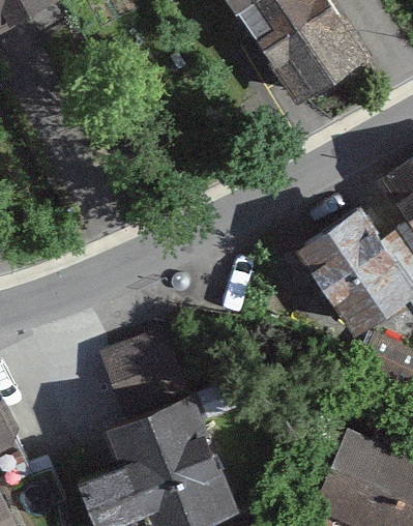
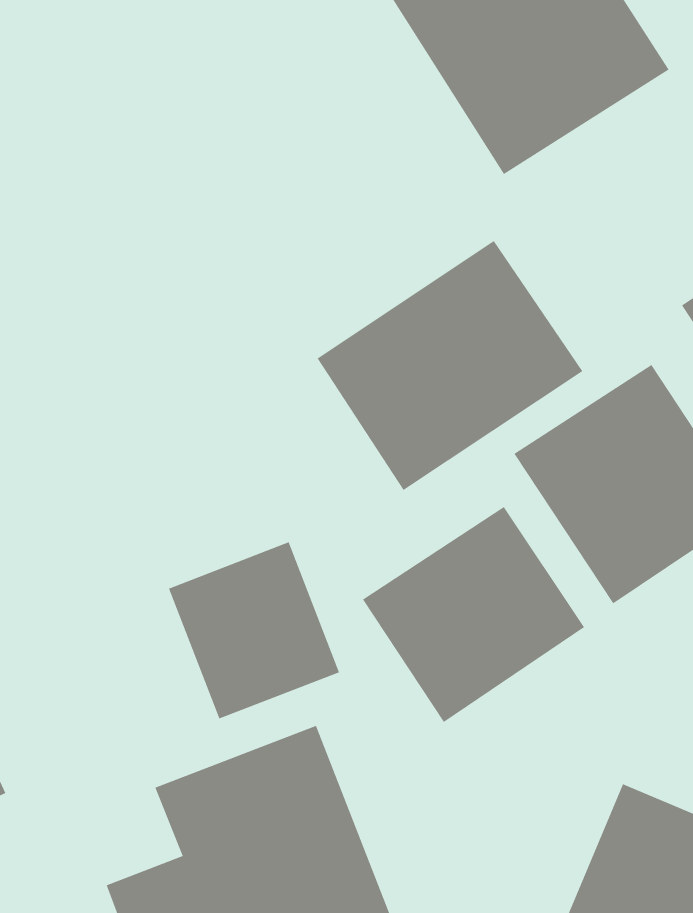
building: none -> [317,240,583,491]
building: none -> [362,506,585,723]

